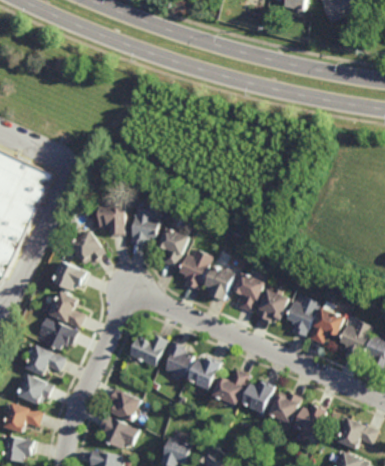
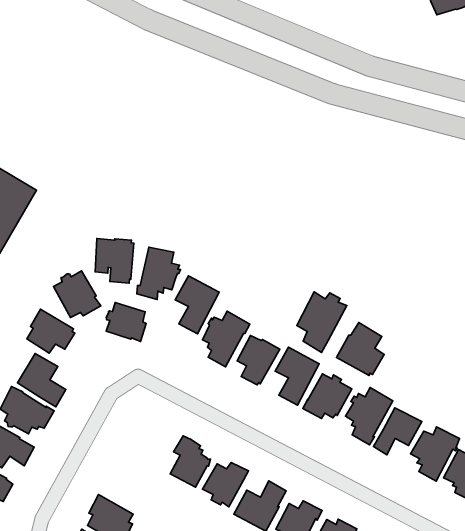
building: none -> [297,292,347,352]
building: none -> [337,322,384,376]
building: none -> [106,302,146,342]
building: [130,334,167,366] -> none

